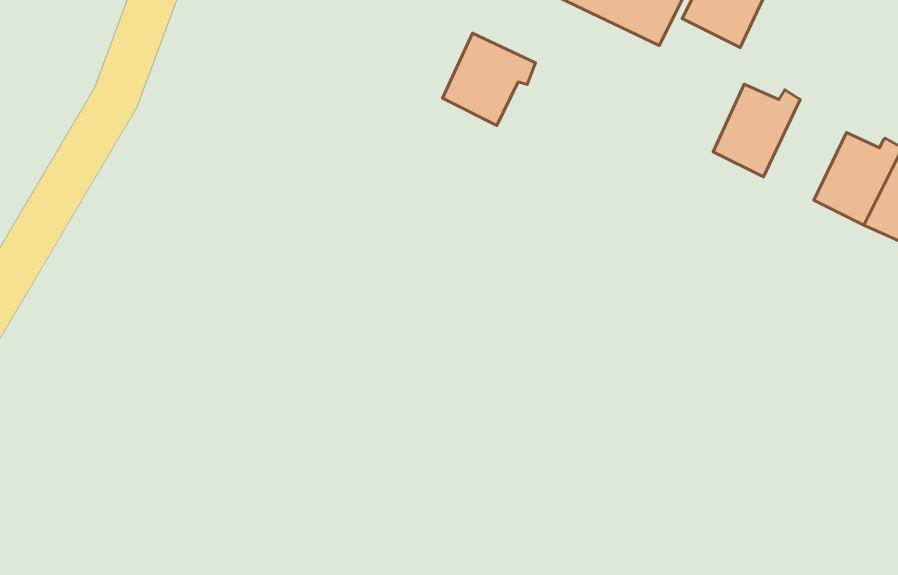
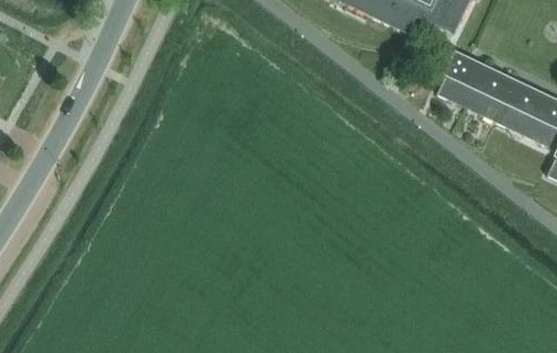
building: [443,33,536,125] -> none
building: none -> [465,61,512,118]

